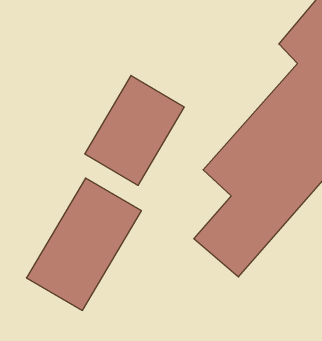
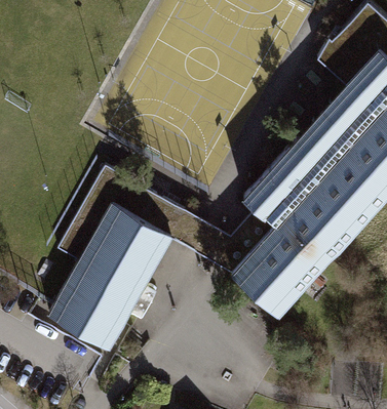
building: [85,75,184,185] -> none

